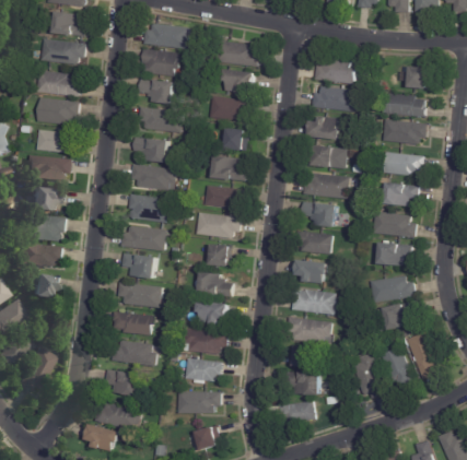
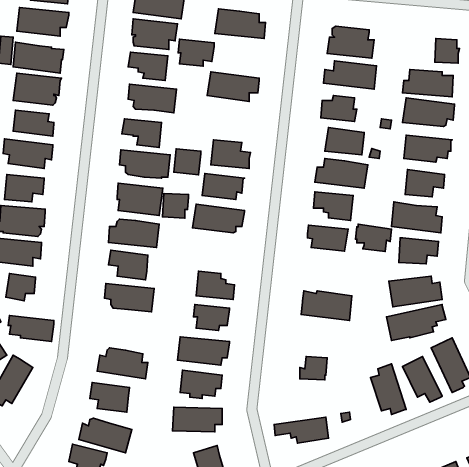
building: [223,68,255,92] -> [178,39,214,66]
building: [223,127,247,150] -> [174,149,201,175]
building: [209,244,232,266] -> [163,193,189,218]
building: [295,259,327,283] -> [356,224,391,251]
building: [112,311,152,334] -> [8,316,54,342]
building: [285,317,331,343] -> none
building: [284,371,320,396] -> none

